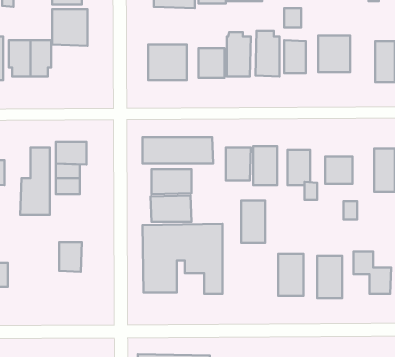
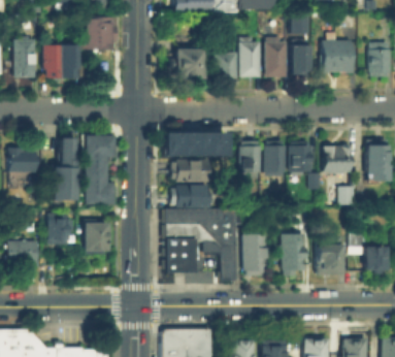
building: none -> [85,183,112,204]
building: [241,201,265,243] -> [246,238,268,277]
building: none -> [52,217,74,246]

